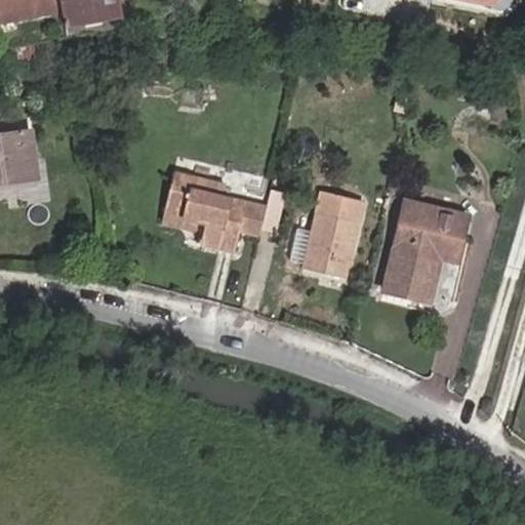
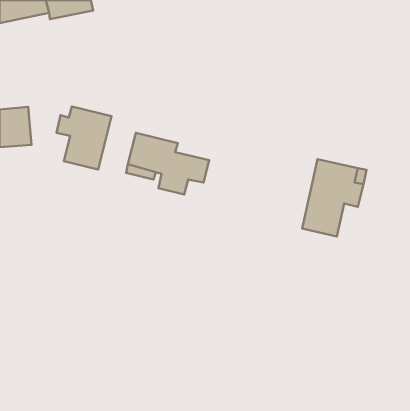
building: none -> [57,106,111,170]
building: [290,191,363,277] -> none

